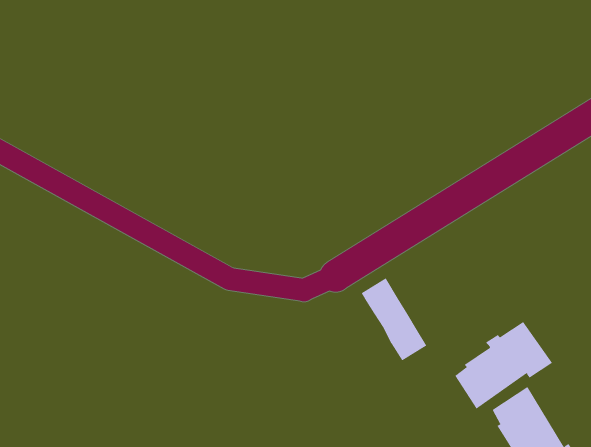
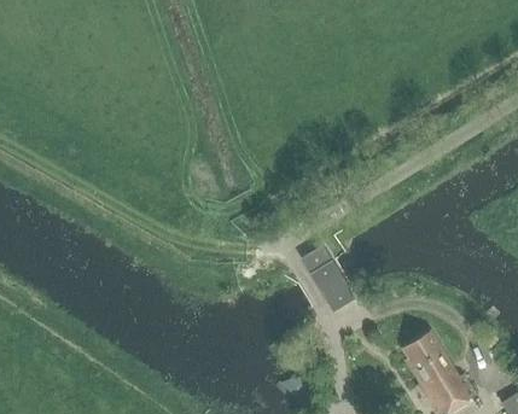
building: [455,321,553,409] -> none

